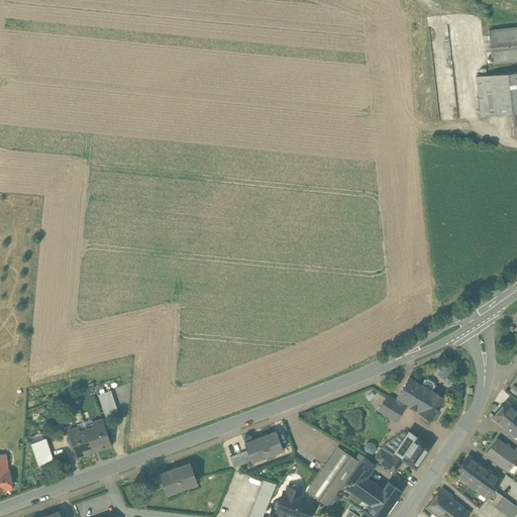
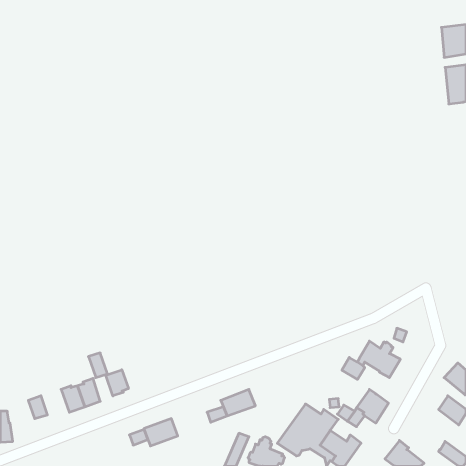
building: [477,75,497,117] -> none
building: none -> [106,370,128,396]
building: [454,455,500,498] -> none

